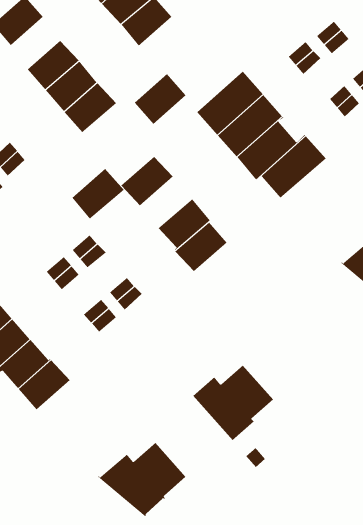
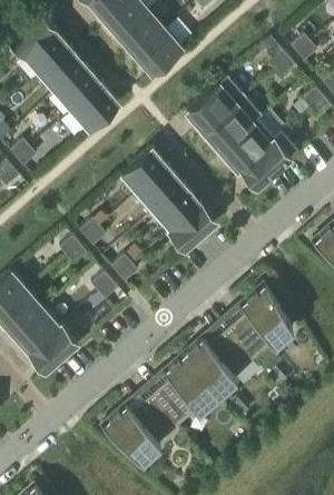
building: none -> [23,30,68,76]
building: [134,73,187,125] -> [136,30,181,75]
building: [72,168,124,220] -> [137,168,183,212]
building: none -> [226,285,292,360]
building: none -> [150,357,217,427]

